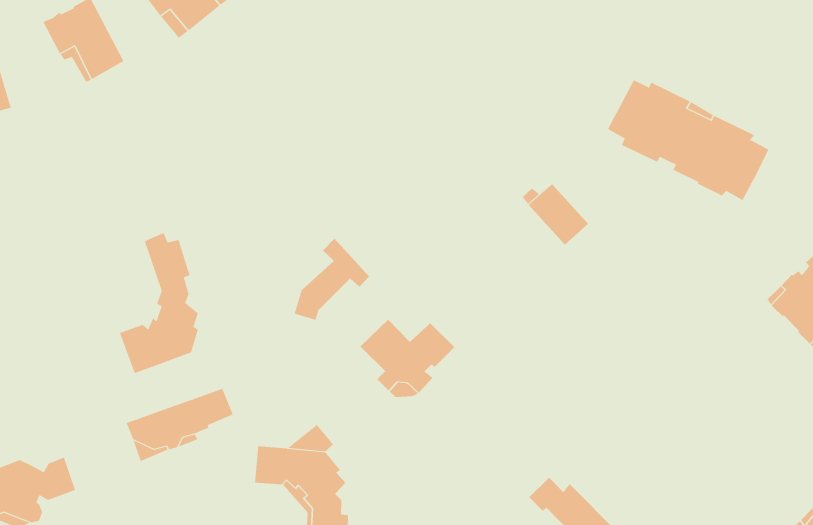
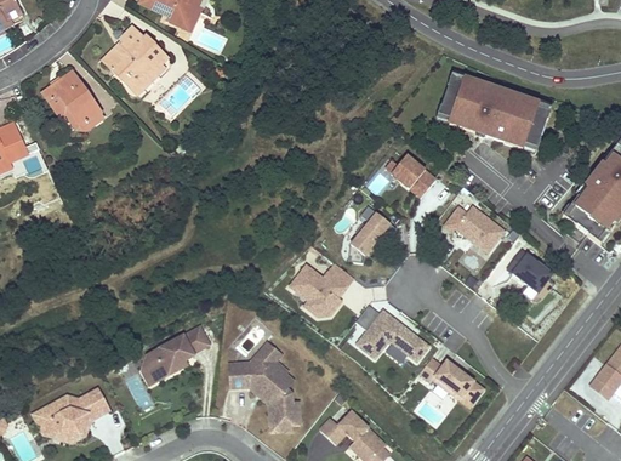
building: [119,232,199,374] -> none
building: [294,238,370,320] -> [347,205,395,263]
building: none -> [444,206,503,252]
building: none -> [506,247,554,294]
building: none -> [357,312,428,360]

